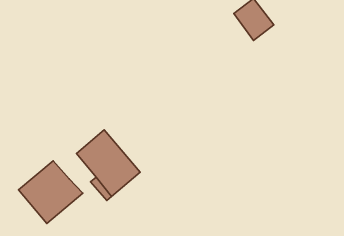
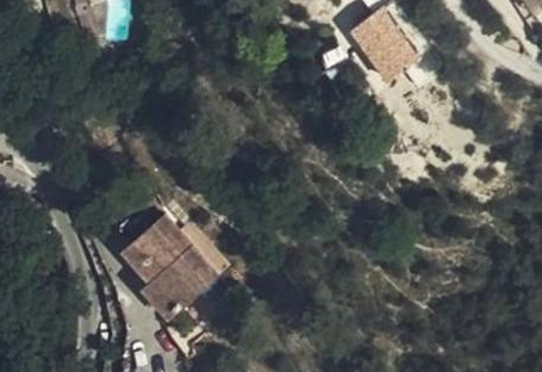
building: [18,161,83,223] -> none

